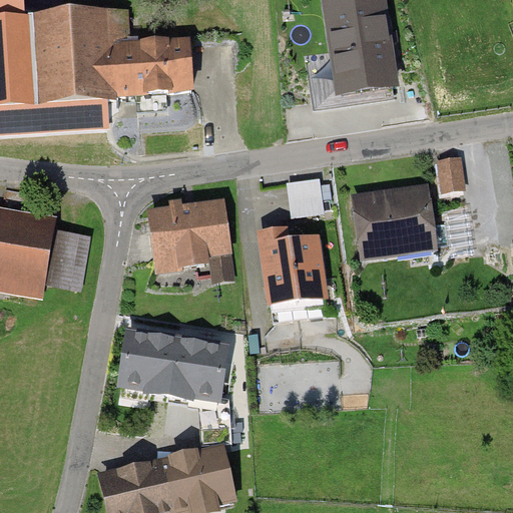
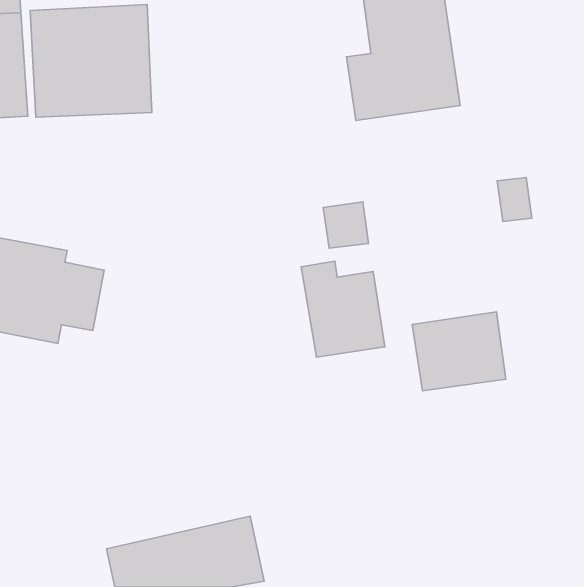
building: [130,36,194,97] -> none
building: [357,183,438,251] -> [412,312,506,391]
building: [153,196,236,273] -> none
building: [110,328,224,405] -> none

